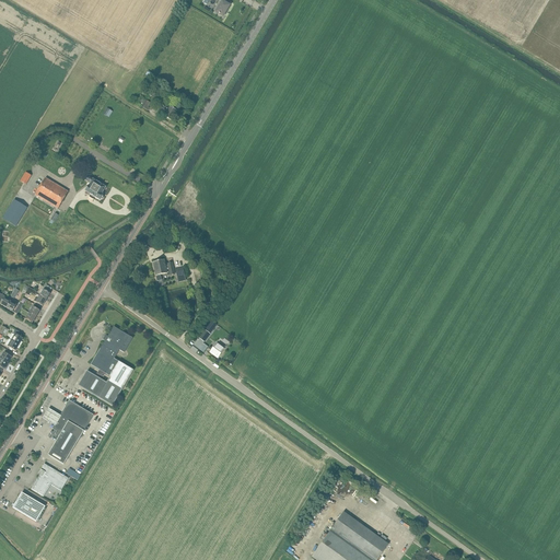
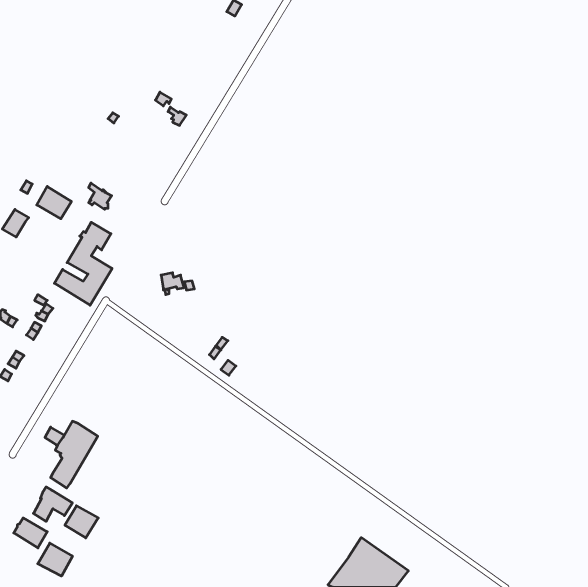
building: [79,326,133,405] -> [54,222,112,305]
building: none -> [65,506,98,538]
building: none -> [38,543,72,576]

